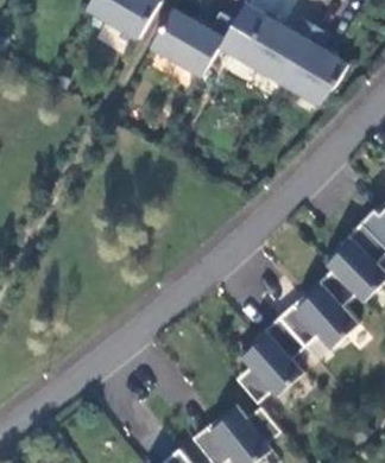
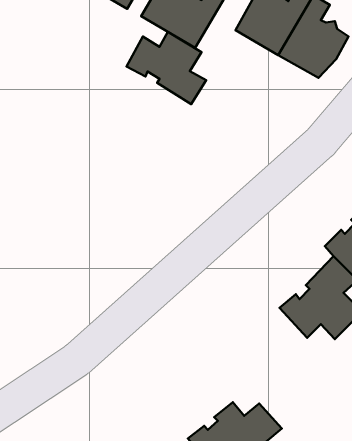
building: none -> [126,32,206,104]
building: [238,321,305,406] -> none

